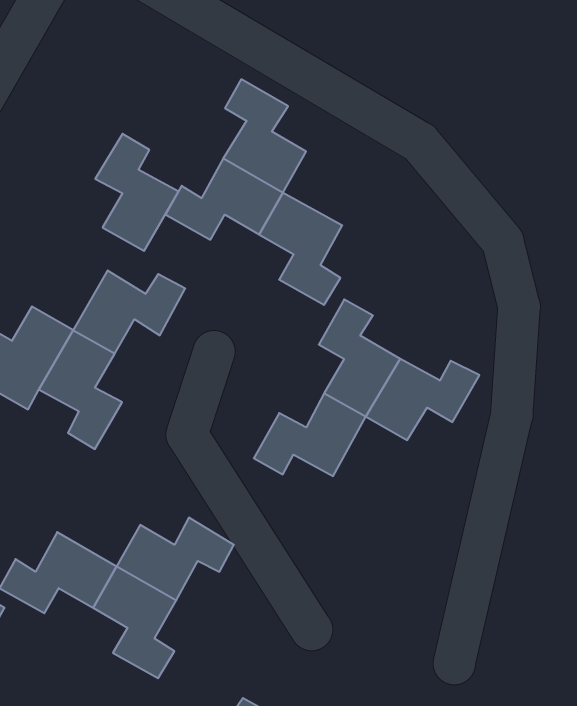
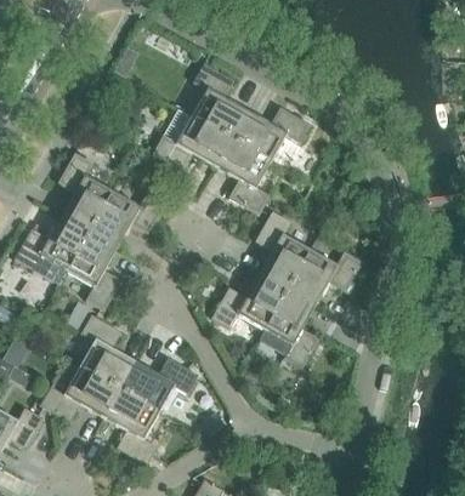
building: [95,134,178,251] -> [57,152,113,230]
building: none -> [231,106,311,160]
building: none -> [265,289,319,369]
building: none -> [79,313,135,389]

